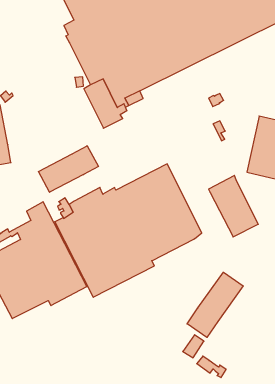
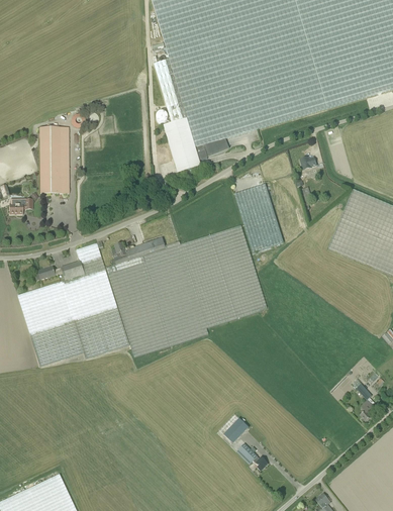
building: [38,146,98,192] -> none
building: [209,175,258,237] -> [234,184,283,251]
building: [187,272,243,337] -> none

